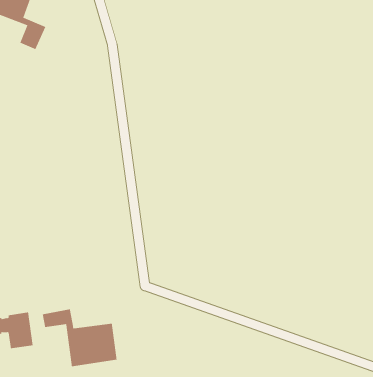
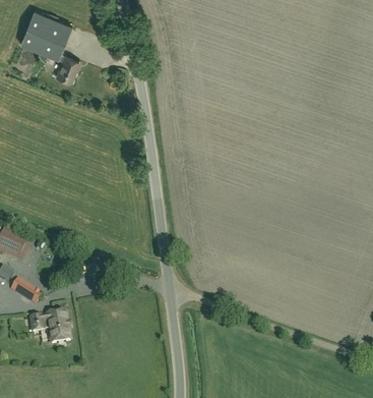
building: [42,308,117,367] -> none

